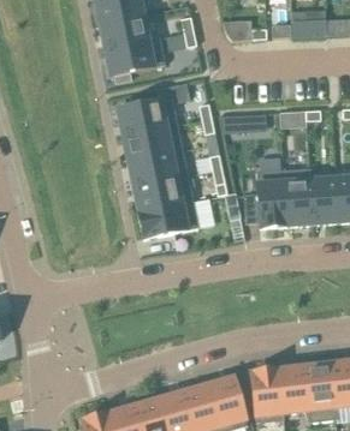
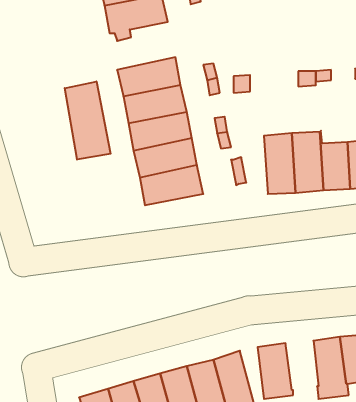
building: none -> [65,81,111,160]
building: [277,366,308,413] -> none

